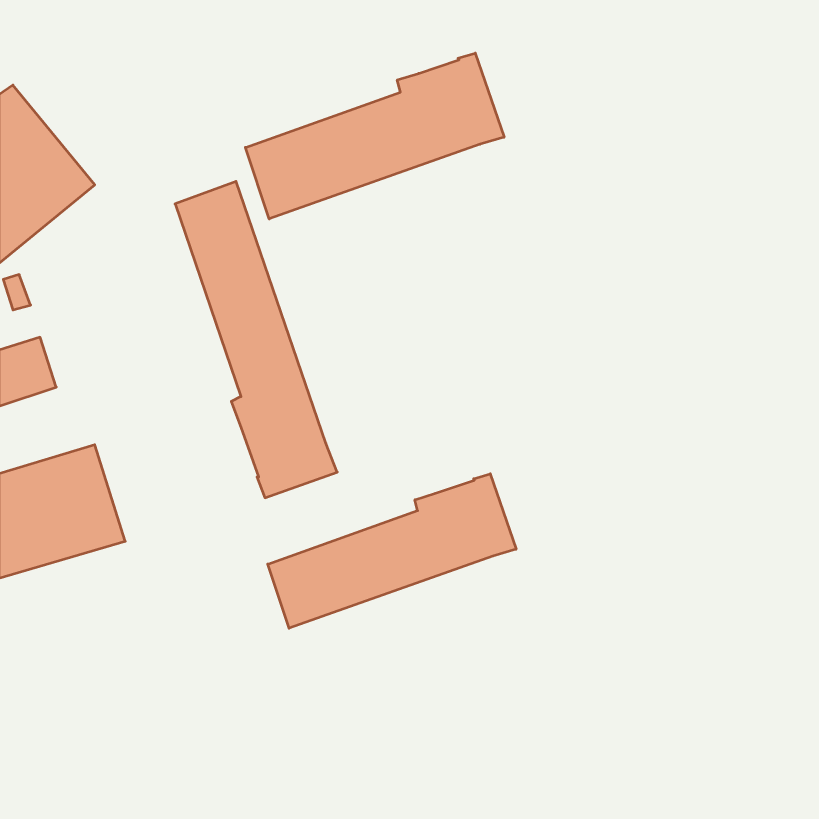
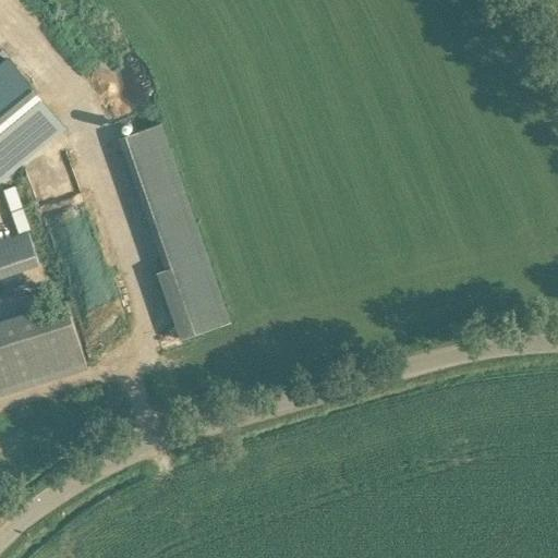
building: [245,53,504,219] -> none
building: [268,474,516,628] -> none

